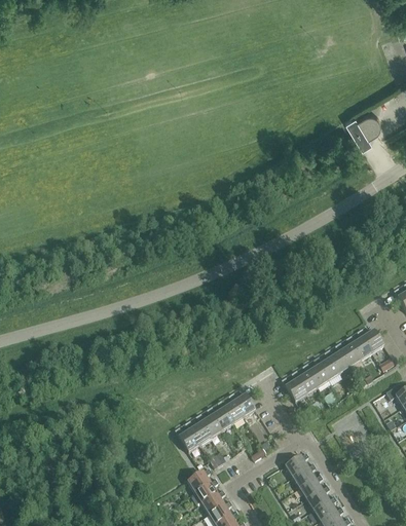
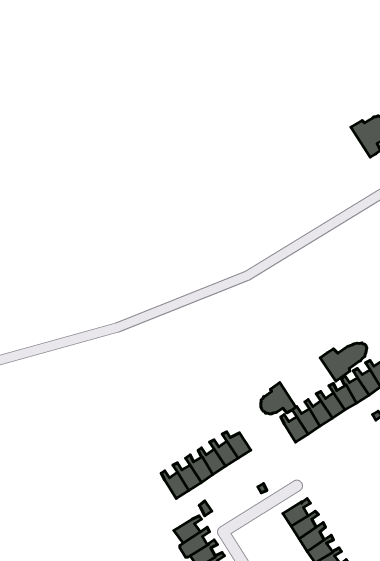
building: none -> [320,343,367,381]
building: none -> [261,383,296,414]

